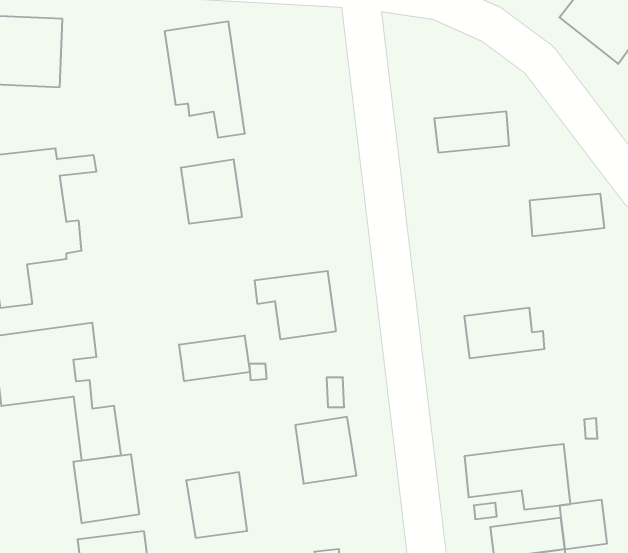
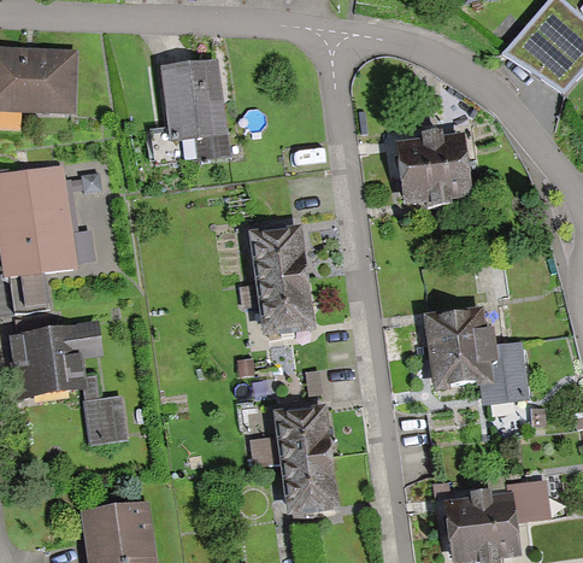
building: [181,160,242,224] -> [251,225,305,282]
building: [530,194,604,236] -> [402,165,469,203]
building: [179,335,250,381] -> none
building: [464,444,571,509] -> [430,342,524,400]
building: [73,454,139,523] -> none
building: [186,472,247,538] -> [283,457,337,515]

